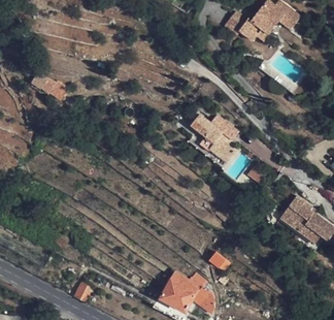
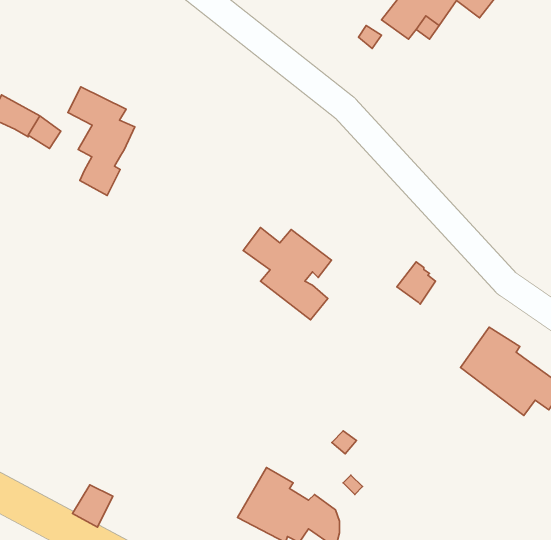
building: none -> [68,87,135,196]
building: [191,114,238,163] -> [243,227,332,320]

